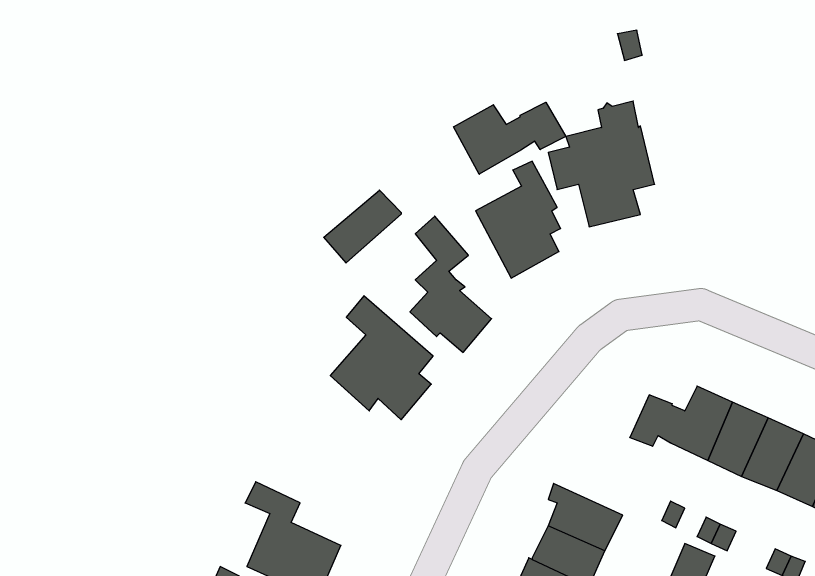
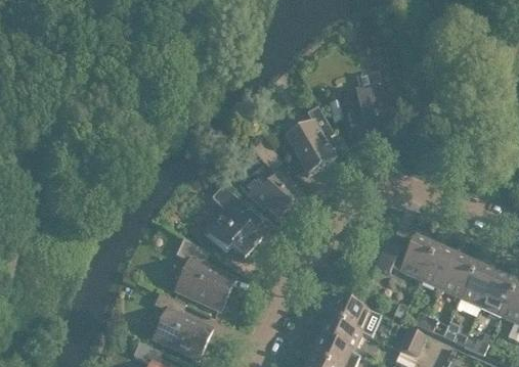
building: [454,102,566,174] -> none
building: [324,190,401,263] -> none
building: none -> [177,238,232,310]

